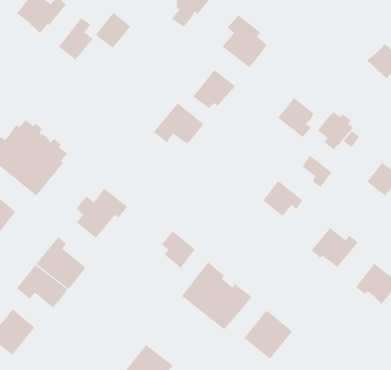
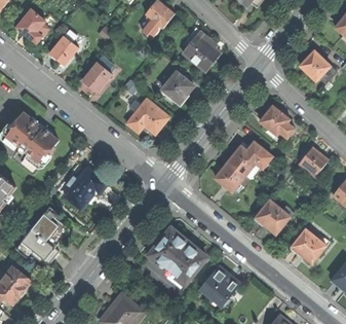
building: [95,12,131,49] -> [83,62,112,92]
building: [277,97,314,138] -> [228,145,258,178]
building: [161,231,196,269] -> none

